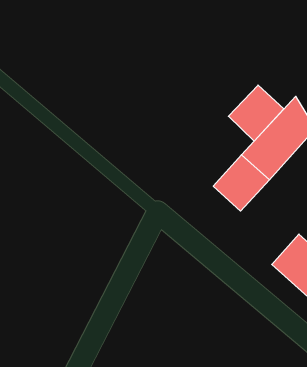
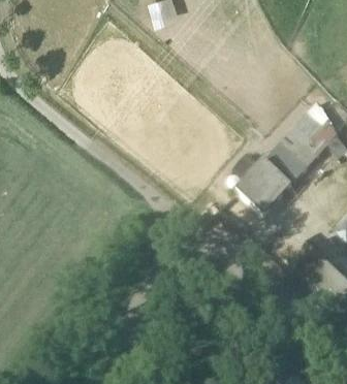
building: [228,85,284,141] -> none

